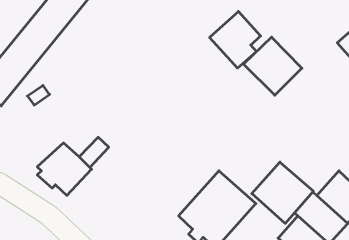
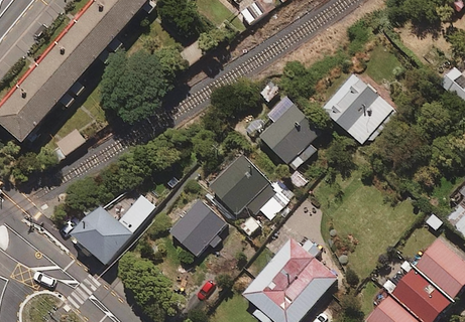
building: [210,11,261,68] -> [258,100,321,169]
building: none -> [207,149,294,219]
building: none -> [168,196,226,254]
building: [252,162,313,223] -> none

